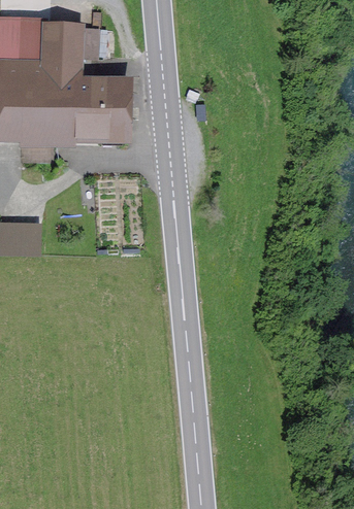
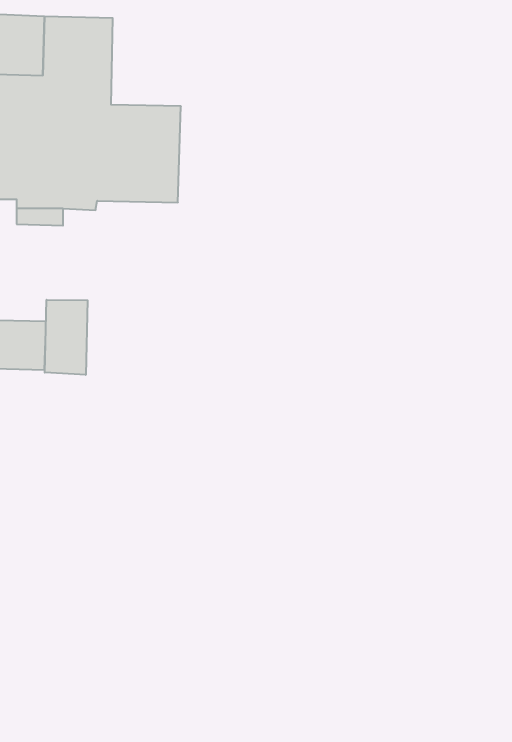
building: none -> [45,300,88,375]

